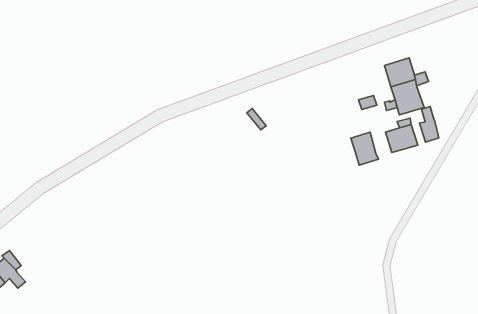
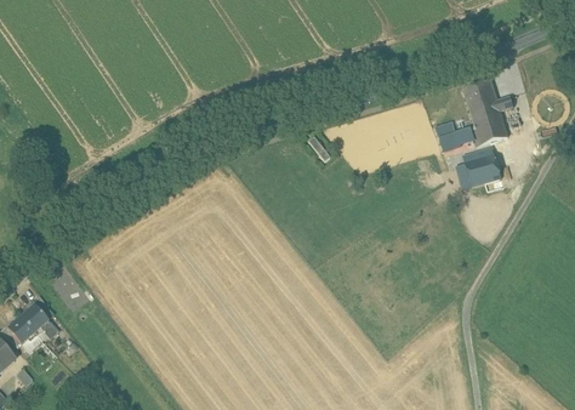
building: [420,107,439,142] -> none
building: [351,132,378,165] -> none

